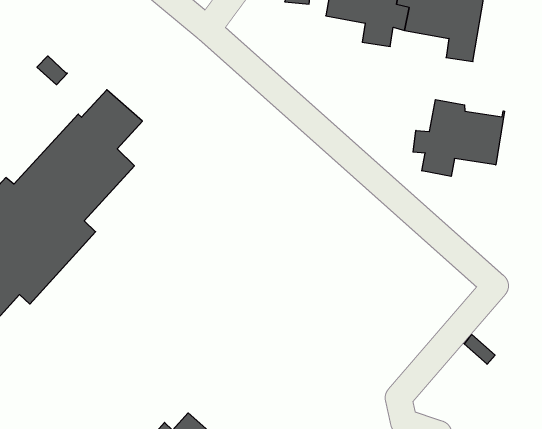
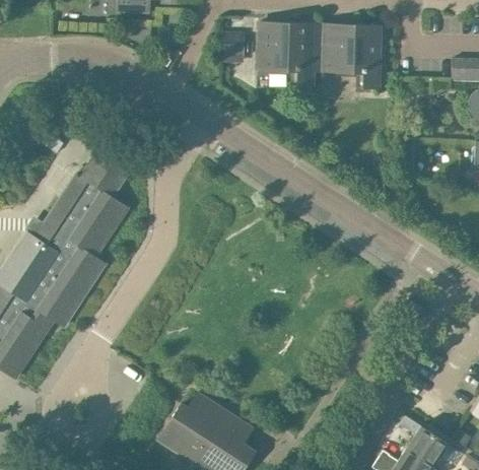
building: [413,100,505,176] -> none

